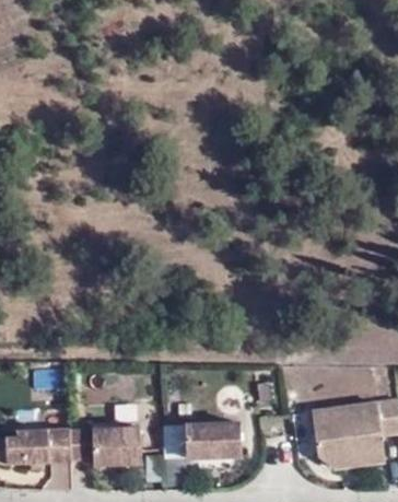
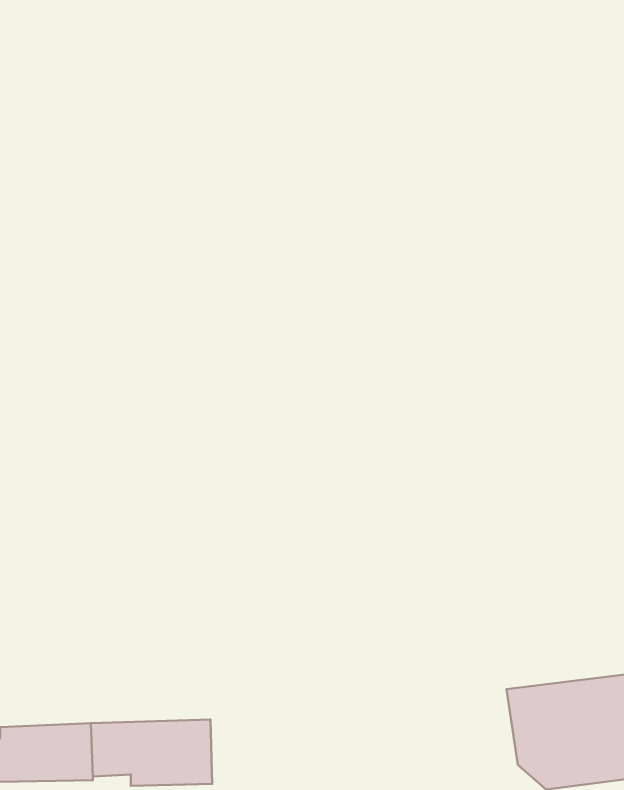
building: [164,424,239,459] -> none

